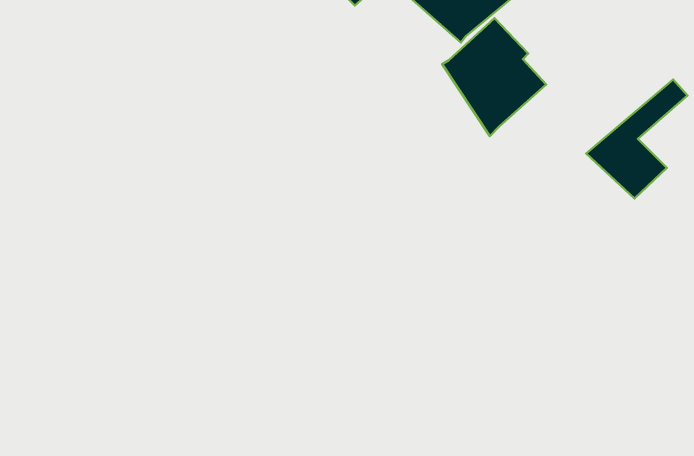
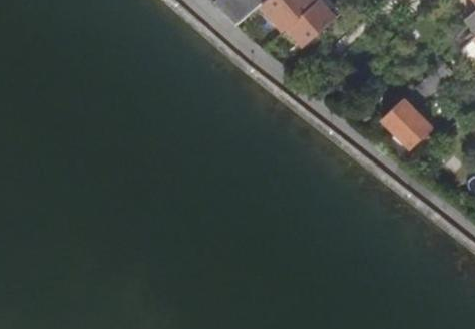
building: [442,18,546,136] -> none

